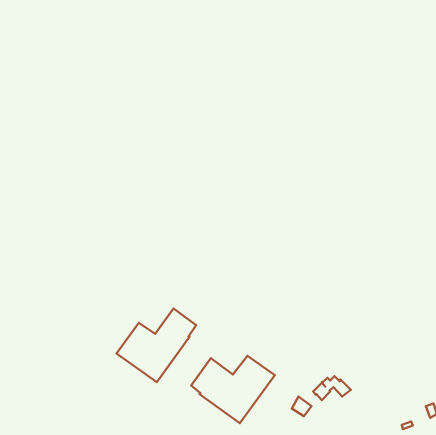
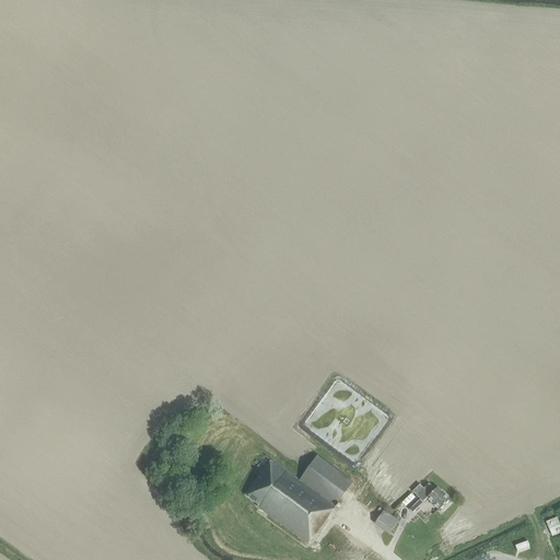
building: [116,309,196,382] -> none

